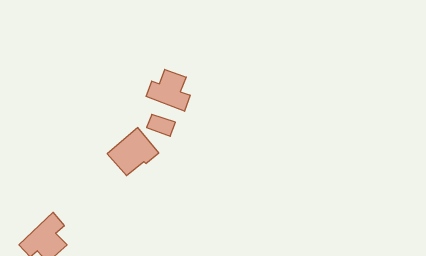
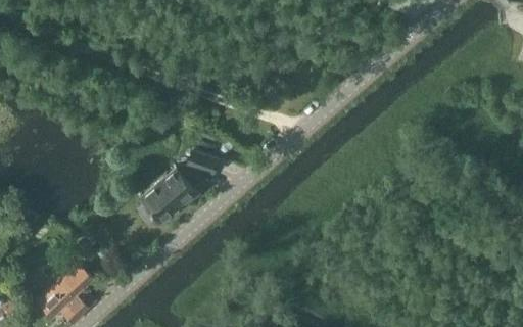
building: [146,69,190,111] -> none

